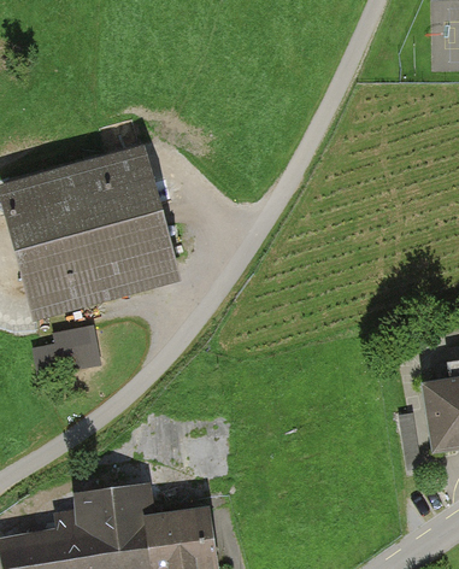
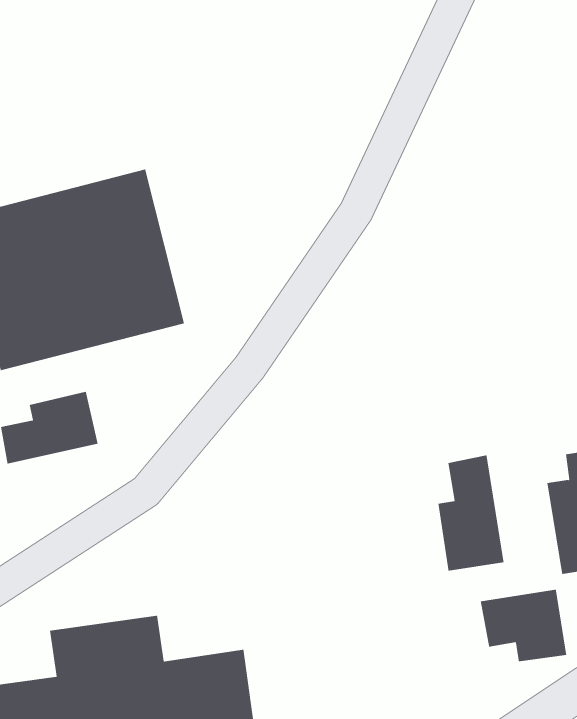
building: none -> [438,454,504,571]
building: none -> [480,589,567,662]

